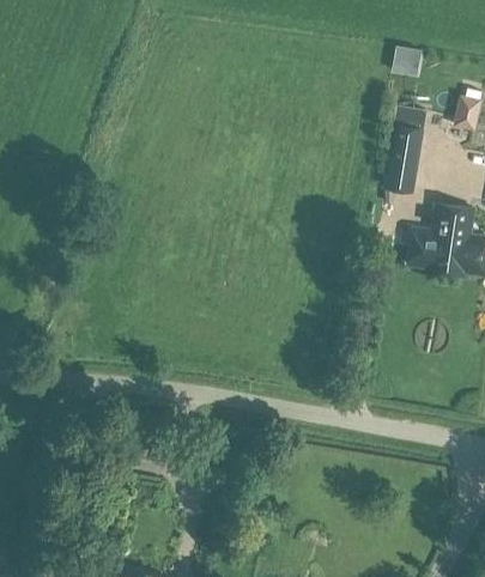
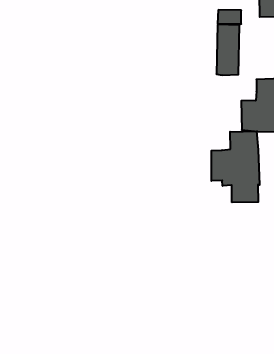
building: none -> [211,131,260,202]

